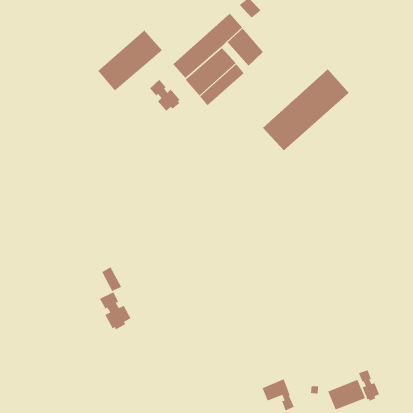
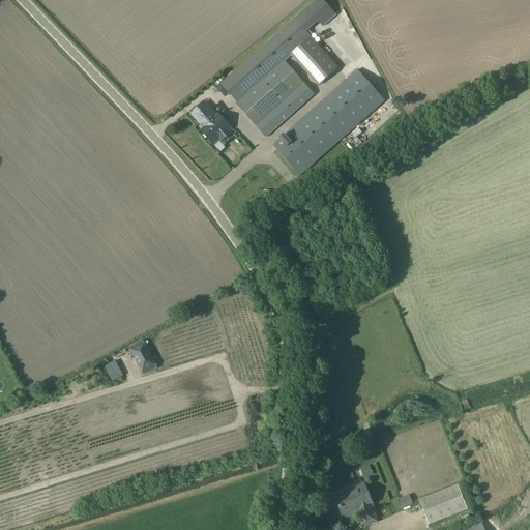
building: [97,30,163,92] -> none
building: [262,68,350,151] -> [273,68,385,174]
building: [99,291,131,330] -> none
building: [358,369,380,402] -> none

